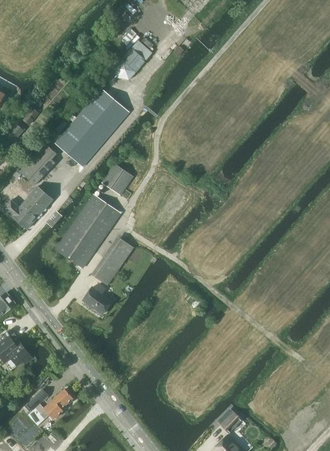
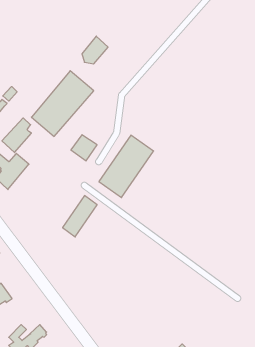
building: [55,194,120,268] -> [99,135,154,198]
building: [83,284,112,314] -> none

